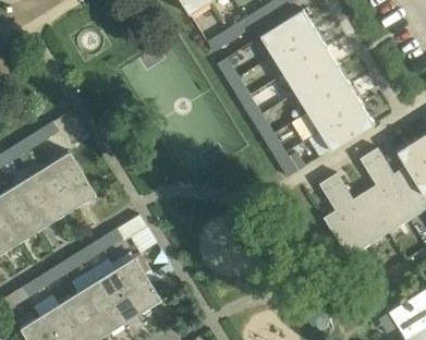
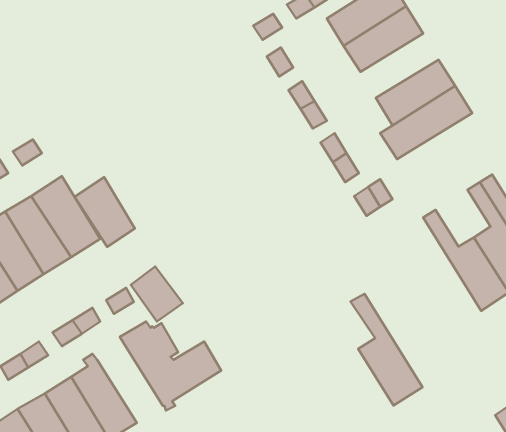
building: [282,48,338,94] -> none
building: [307,105,374,158] -> none
building: none -> [74,177,135,247]
building: [317,179,368,258] -> [351,294,423,406]
building: [95,269,142,325] -> none

